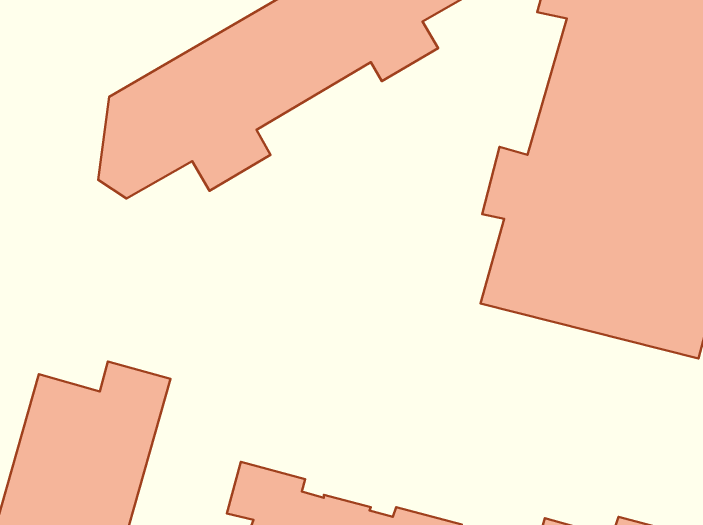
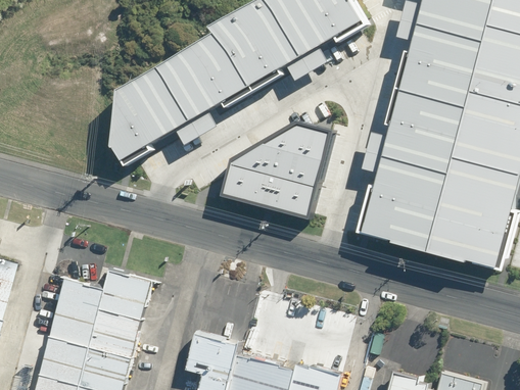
building: none -> [208,126,324,218]

